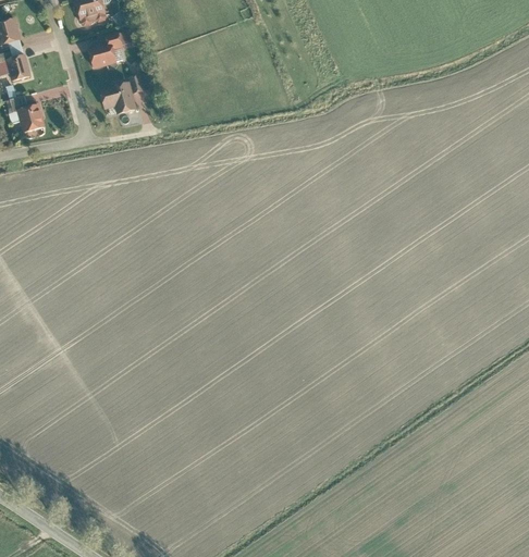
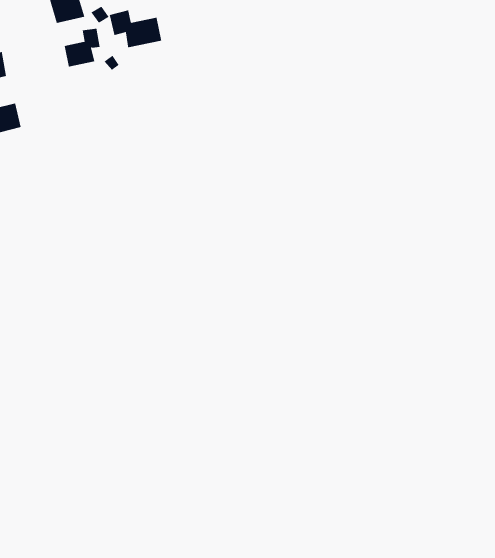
building: none -> [109,9,162,48]
building: [99,82,137,113] -> none

